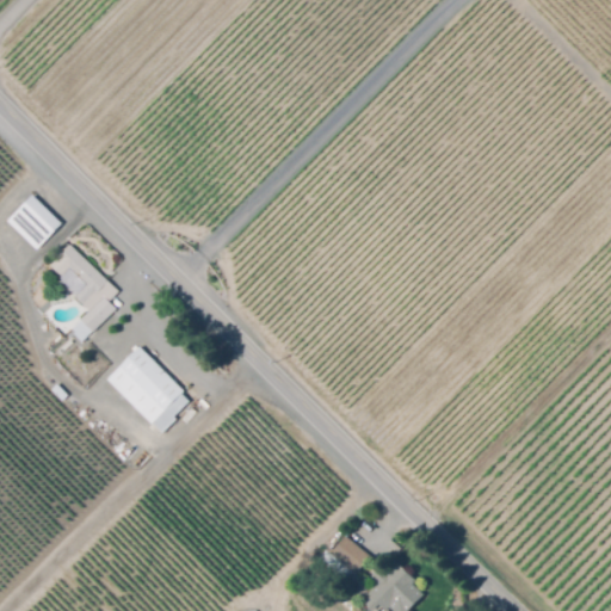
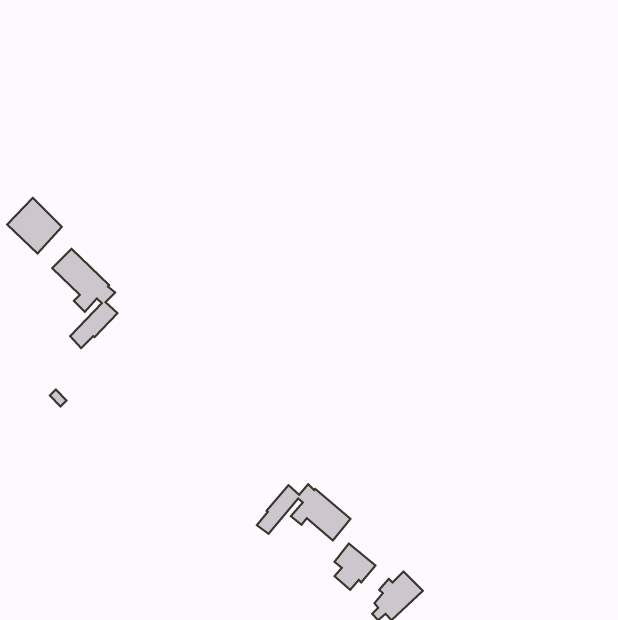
building: [106,346,189,432] -> none
building: none -> [257,484,351,541]

